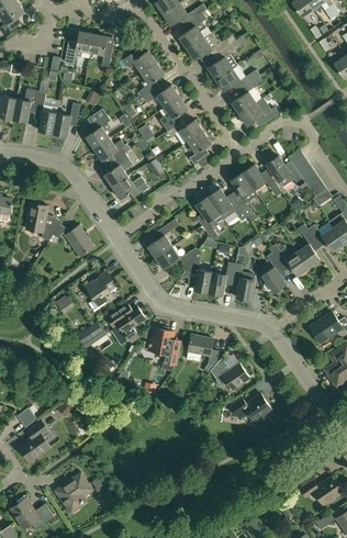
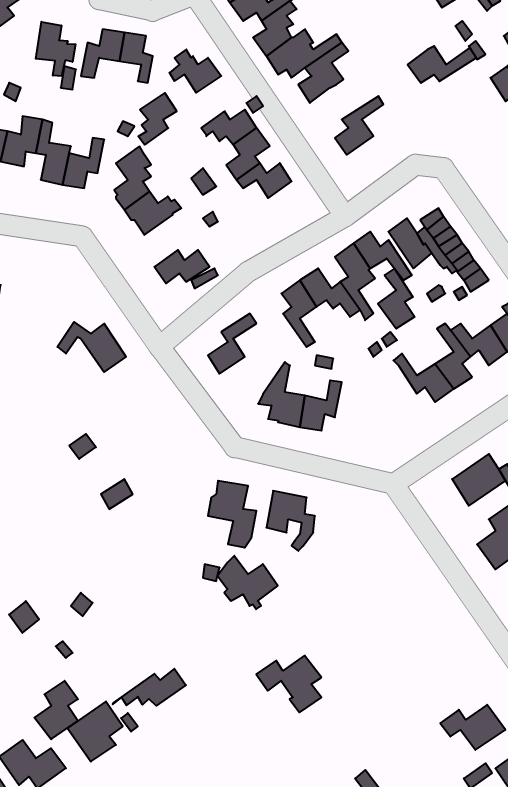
building: none -> [36,22,76,76]
building: [138,61,164,96] -> [138,93,177,145]
building: [214,67,259,91] -> [408,46,476,83]
building: [238,101,278,126] -> none
building: [187,131,212,166] -> none
building: [100,153,133,187] -> none
building: [25,202,60,239] -> none
building: [155,246,198,270] -> none
building: [261,251,286,291] -> [378,268,415,329]
building: [231,262,254,300] -> none
building: [85,271,115,309] -> none
building: [105,303,144,340] -> none
building: [210,357,249,392] -> [218,556,278,609]
building: [228,393,271,430] -> [256,656,321,712]
building: [20,421,48,459] -> [34,681,78,739]
building: none -> [113,669,186,706]

